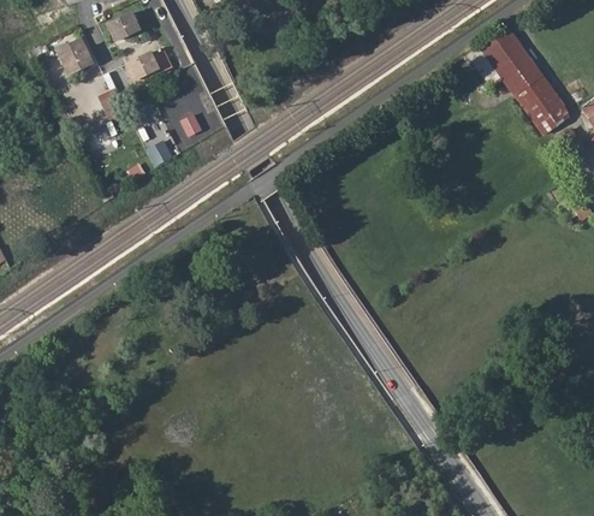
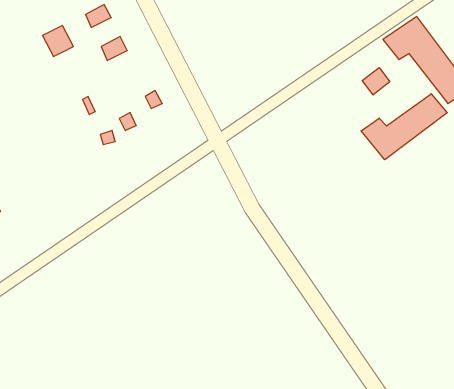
building: none -> [362,68,390,95]
building: none -> [361,94,447,160]

